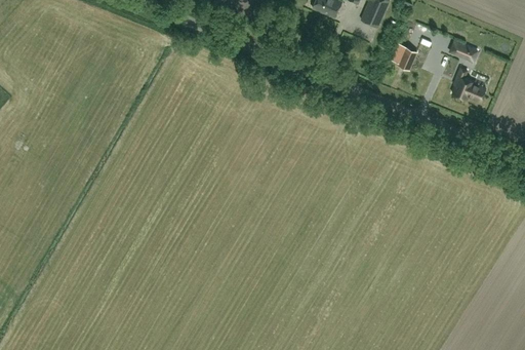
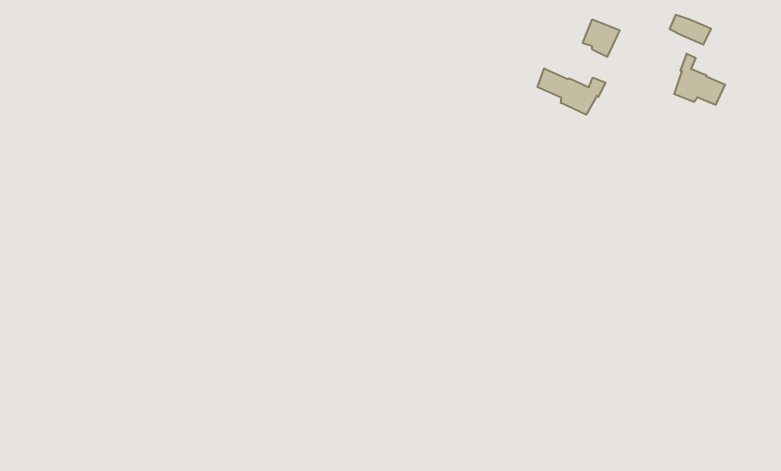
building: none -> [537,68,605,115]

